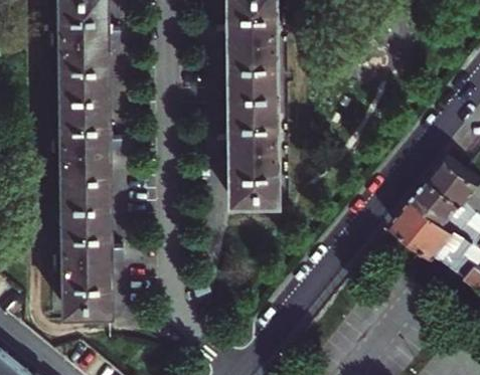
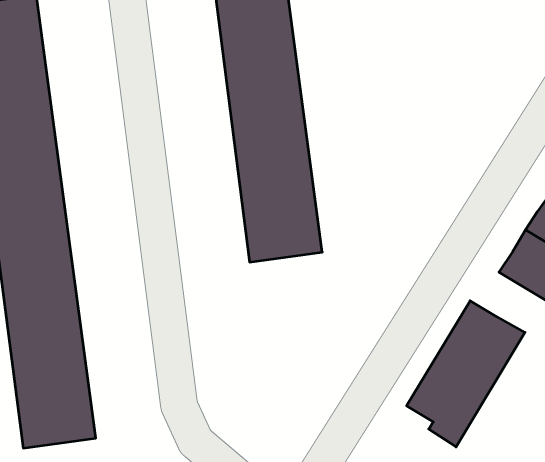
building: none -> [407,301,525,447]

